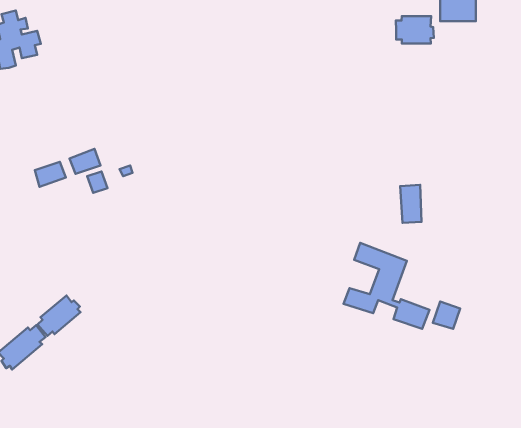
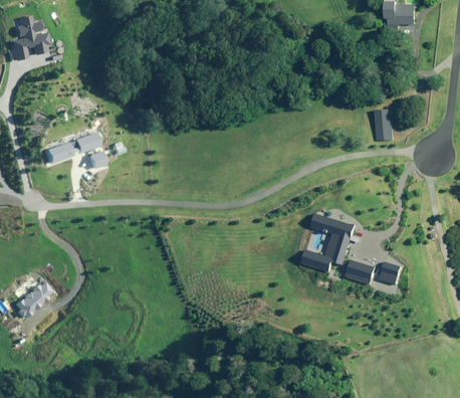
building: [396,16,434,44] -> none
building: [400,185,421,223] -> [375,109,393,141]
building: [38,295,80,336] -> none

